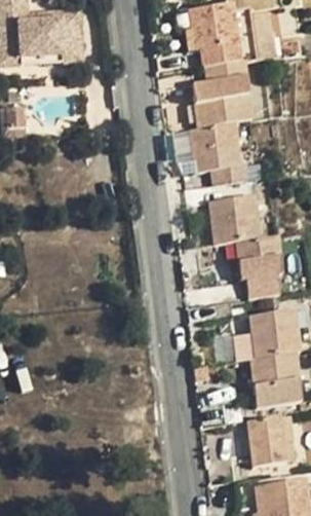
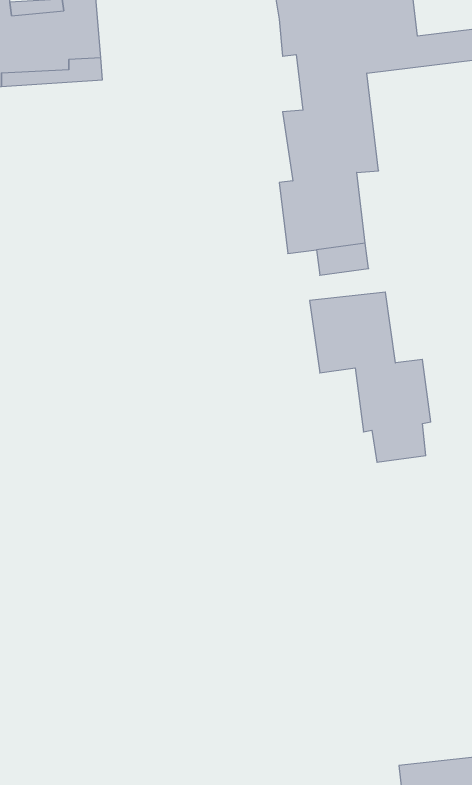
building: [247,308,301,407] -> none
building: [246,414,288,464] -> none

